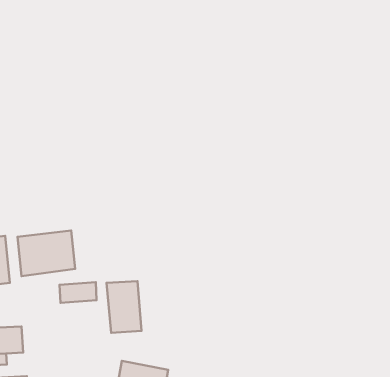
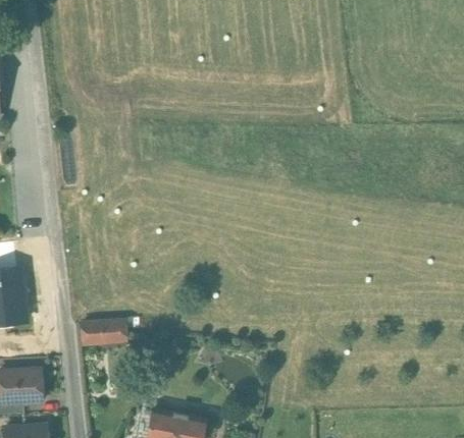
building: [18,231,75,276] -> none
building: [107,281,141,333] -> none

